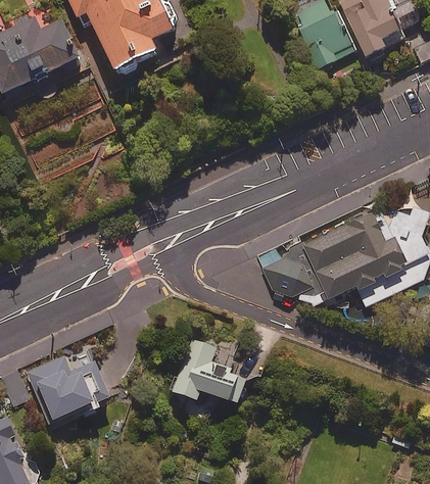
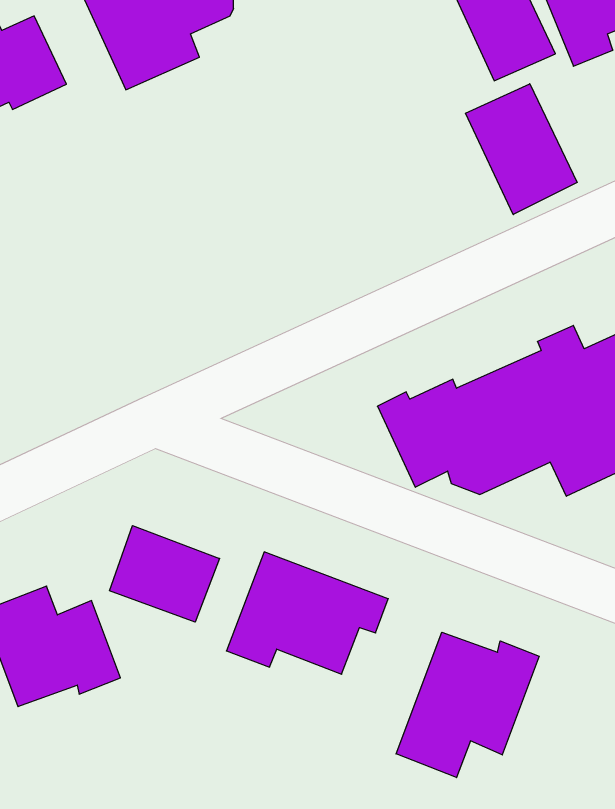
building: none -> [465,84,577,215]
building: none -> [110,526,220,622]
building: none -> [396,632,539,778]

